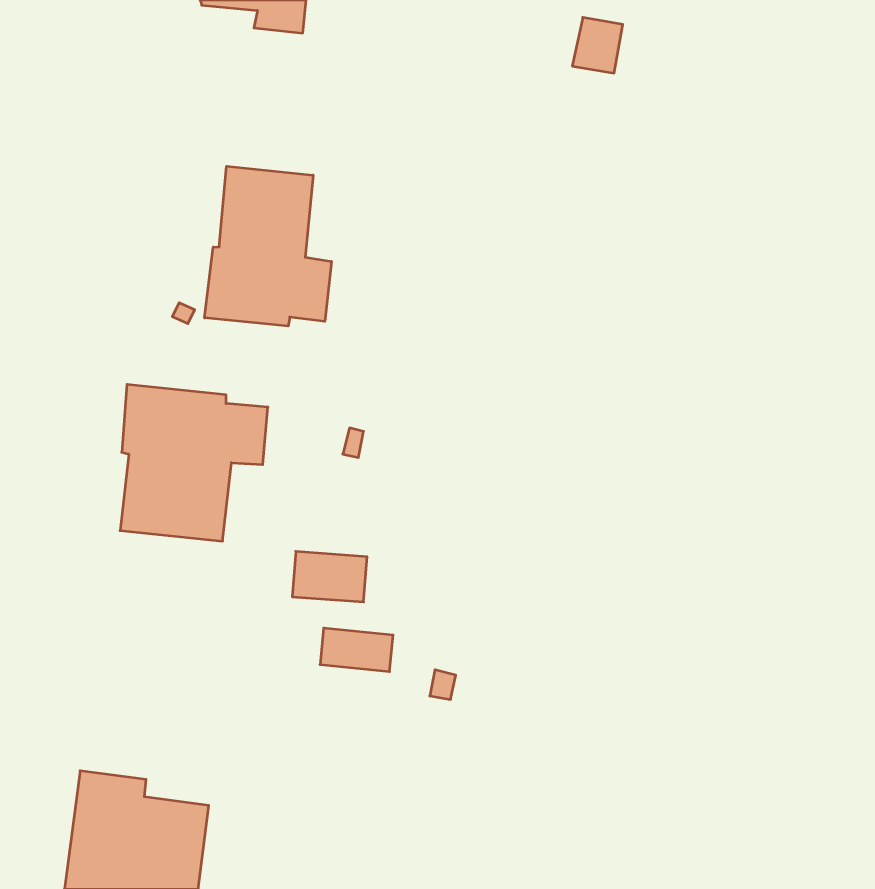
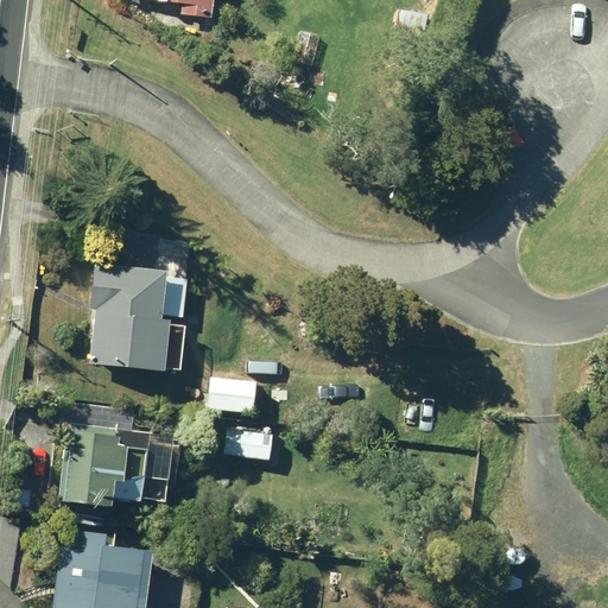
building: [205,166,331,326] -> none
building: none -> [59,422,171,506]

